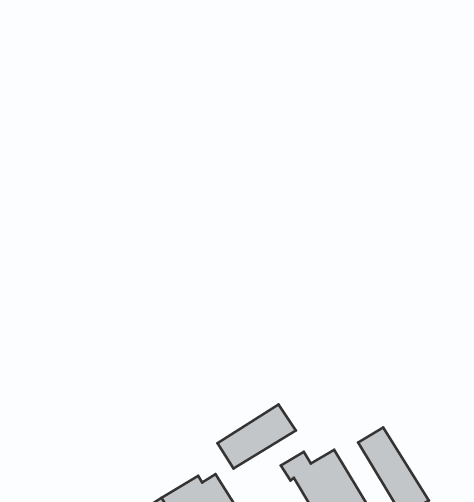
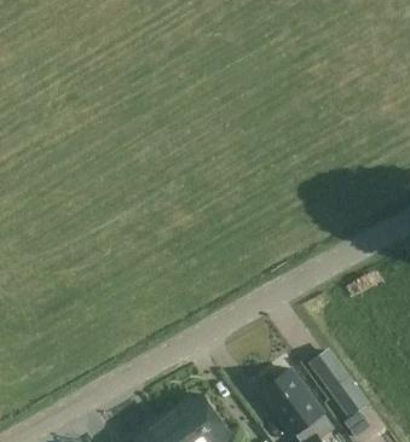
building: [218,404,296,469] -> none

